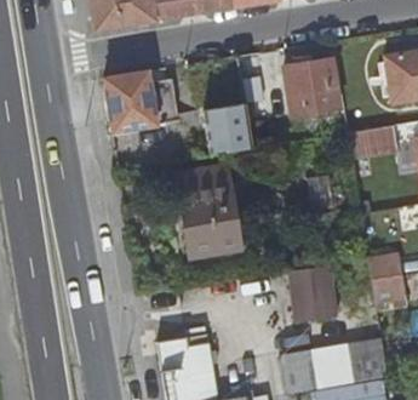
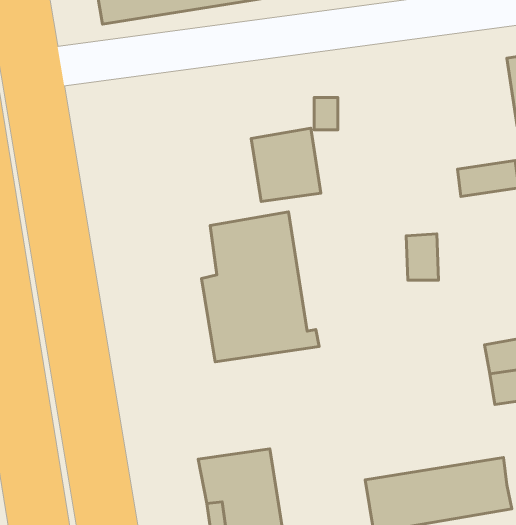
building: [284,58,338,112] -> none
building: [102,69,176,131] -> none
building: [285,262,337,320] -> none

